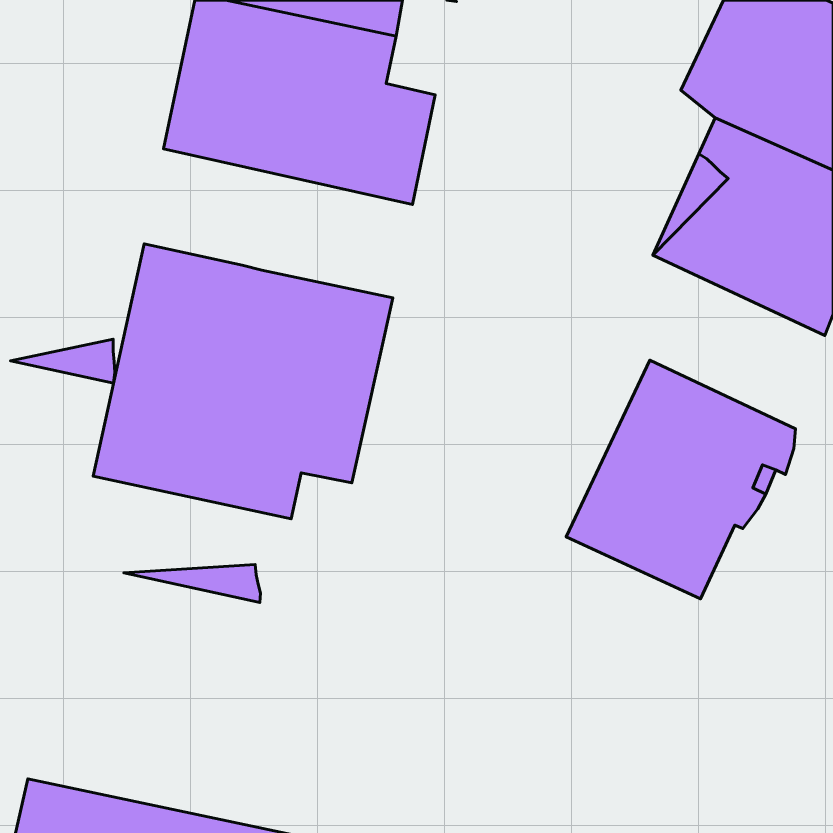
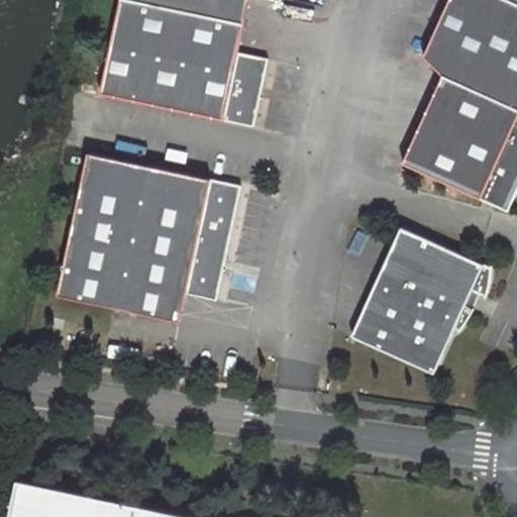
building: [10,339,115,383] -> none
building: [124,564,261,603] -> none

